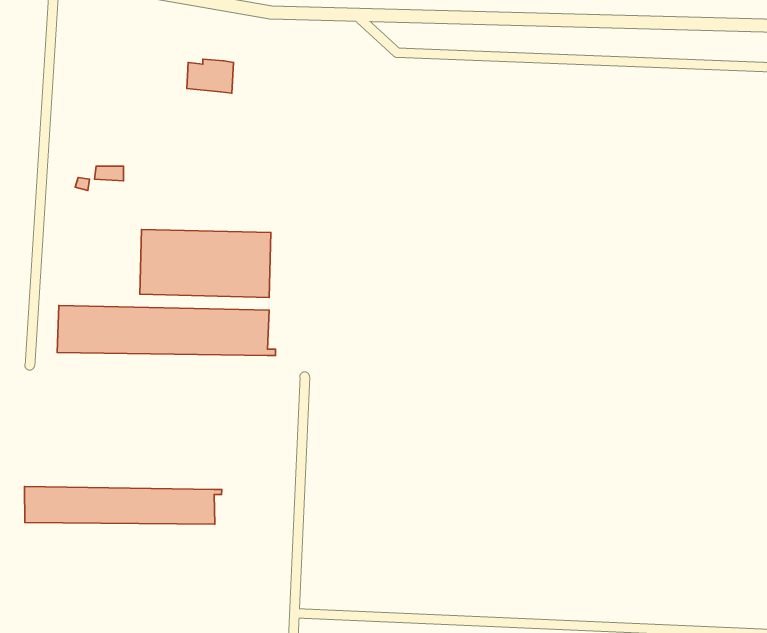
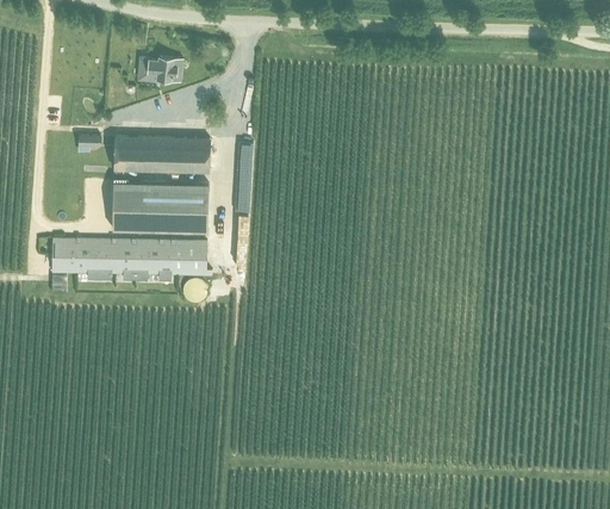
building: none -> [113,137,208,173]
building: [24,487,222,524] -> none

